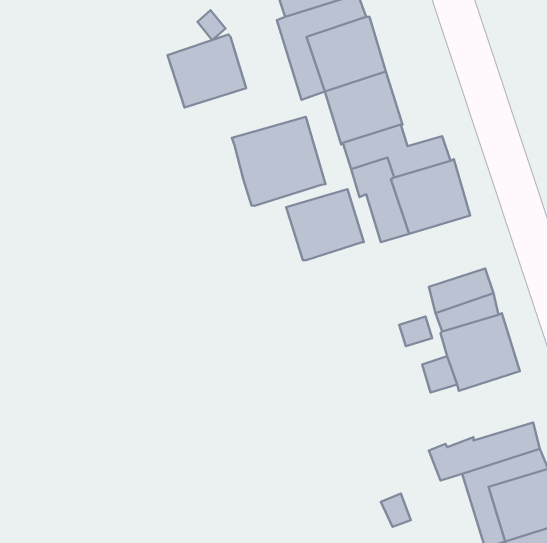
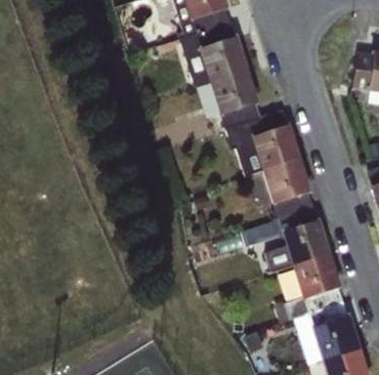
building: [168,35,246,107] -> none
building: [232,117,326,206] -> none
building: [286,189,364,260] -> [262,159,310,203]
building: none -> [293,255,340,298]

